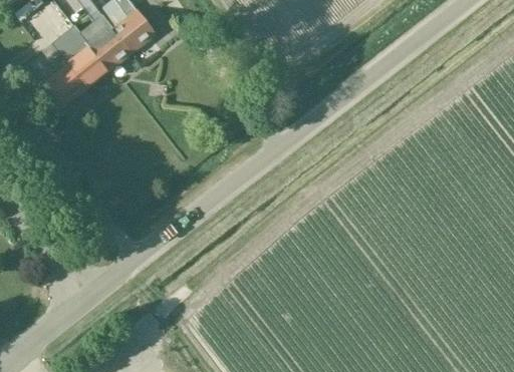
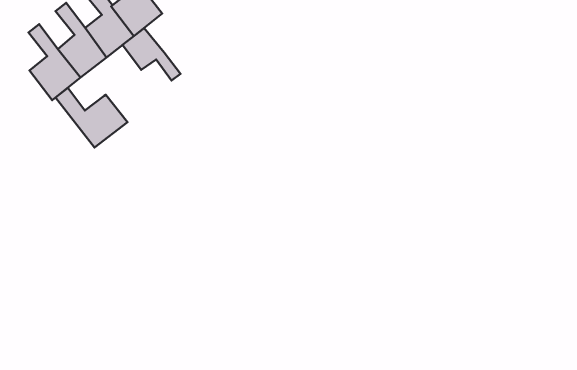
building: none -> [122,28,181,81]
building: none -> [55,88,128,148]

